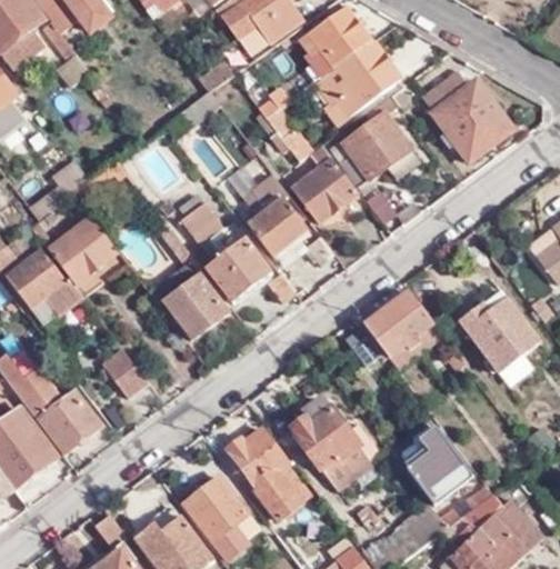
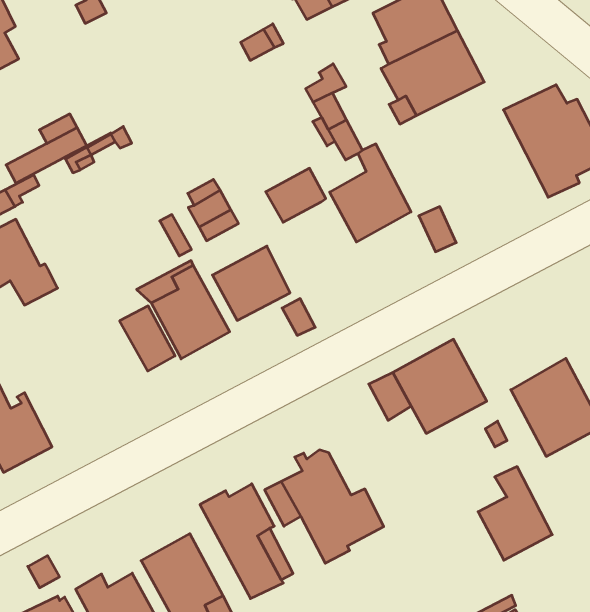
building: [341,92,413,188] -> none
building: [247,196,307,257] -> none
building: [44,212,119,286] -> none
building: [100,347,149,399] -> [120,306,175,371]
building: [406,426,468,502] -> [478,467,552,560]

